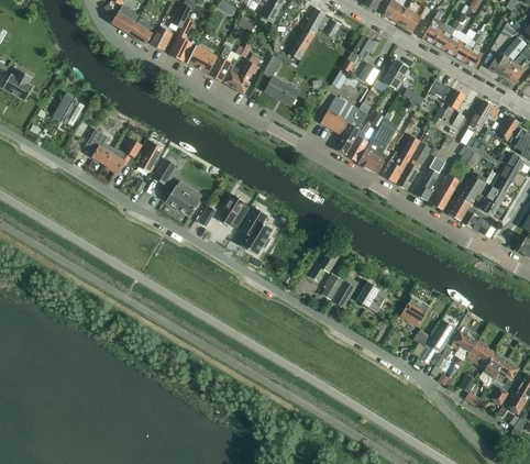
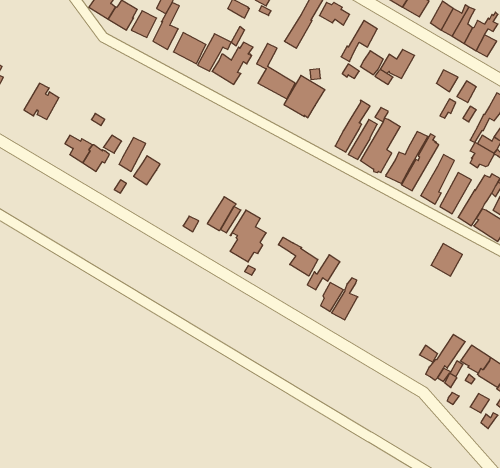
building: [321,96,358,134] -> [284,75,325,118]
building: [166,185,199,217] -> none
building: none -> [278,237,318,276]
building: [356,280,388,311] -> none
building: [400,296,429,325] -> [431,244,462,276]

